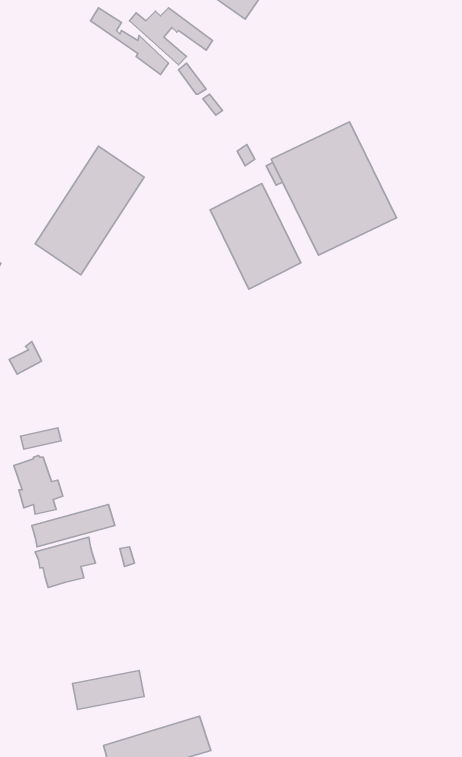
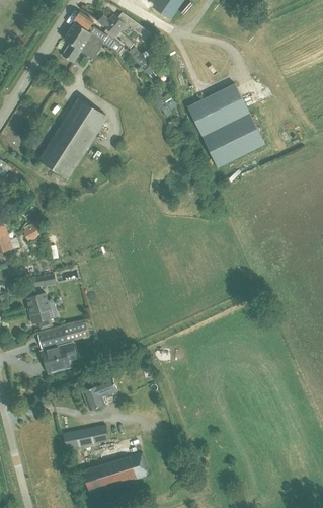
building: none -> [62,20,103,62]
building: [210,184,301,289] -> none
building: none -> [82,378,117,410]

